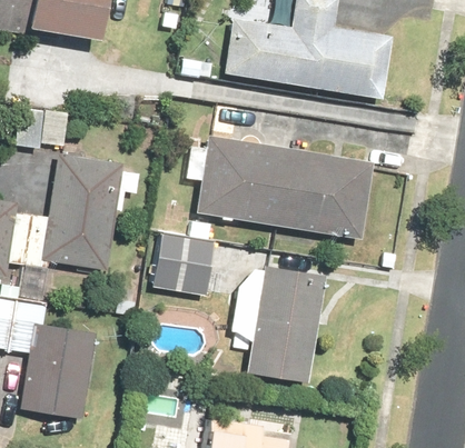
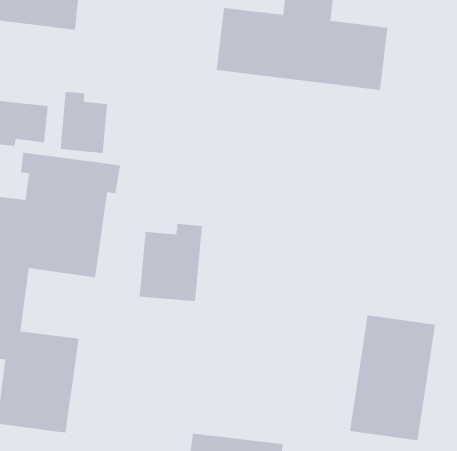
building: none -> [60,91,107,154]
building: [182,132,374,238] -> none
building: [243,267,324,385] -> [349,315,436,441]

